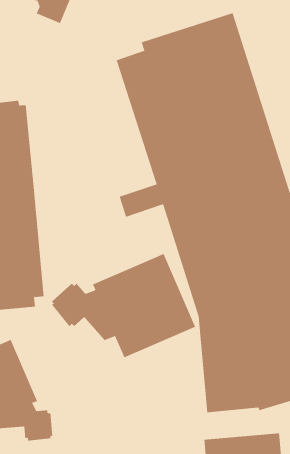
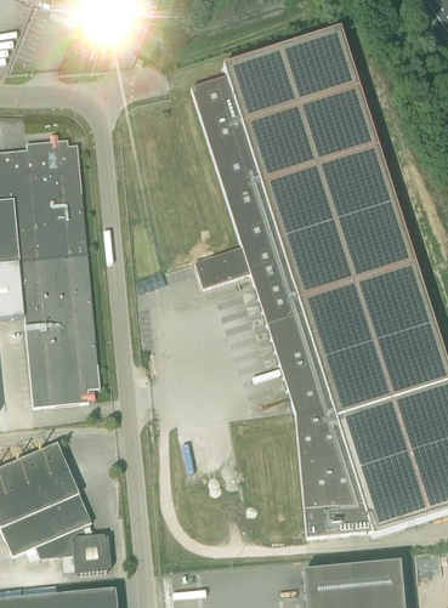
building: [51,253,196,358] -> none

